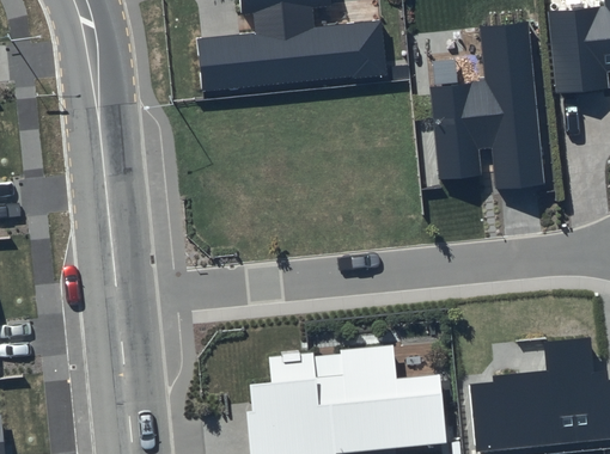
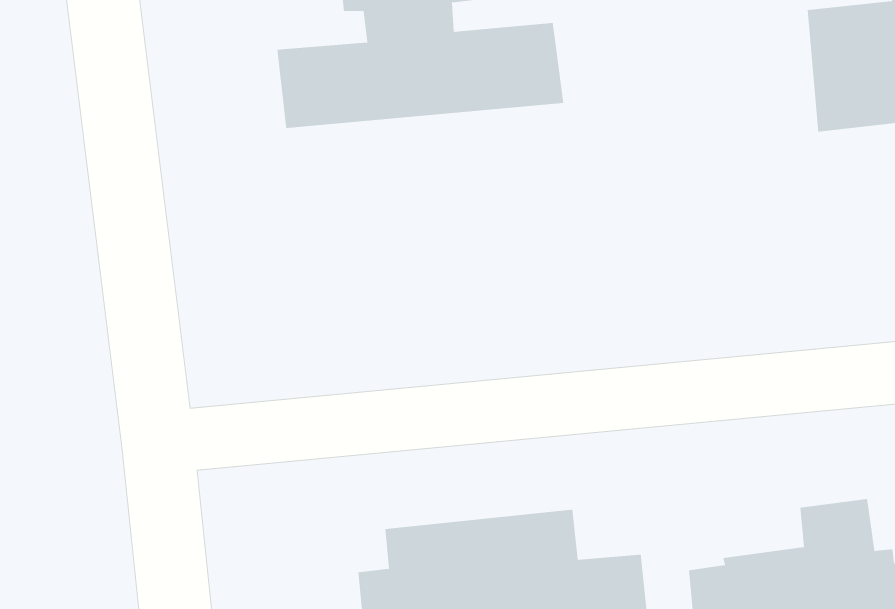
building: [429,20,545,190] -> none

